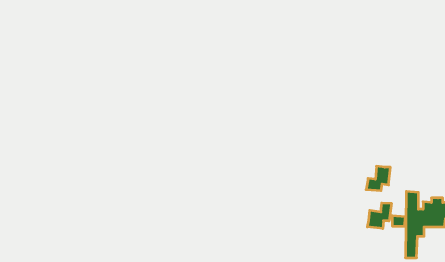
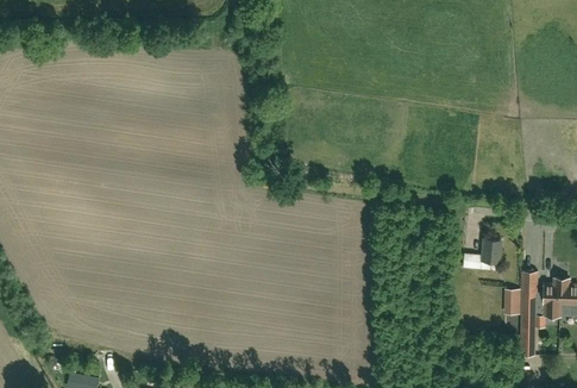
building: [367,203,391,229] -> none

